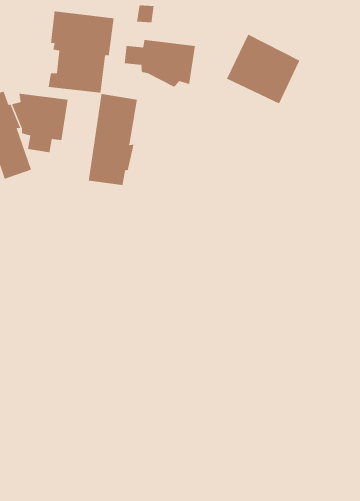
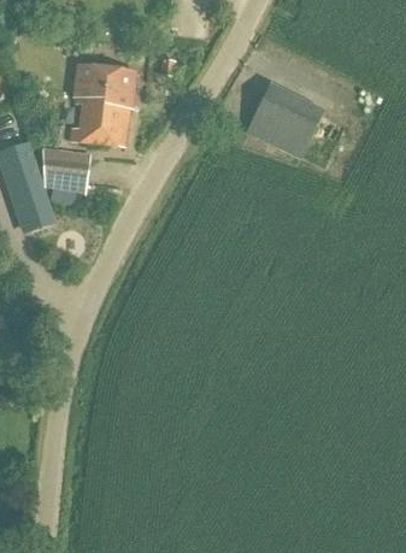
building: [124,39,196,88] -> none
building: [88,93,137,186] -> none

